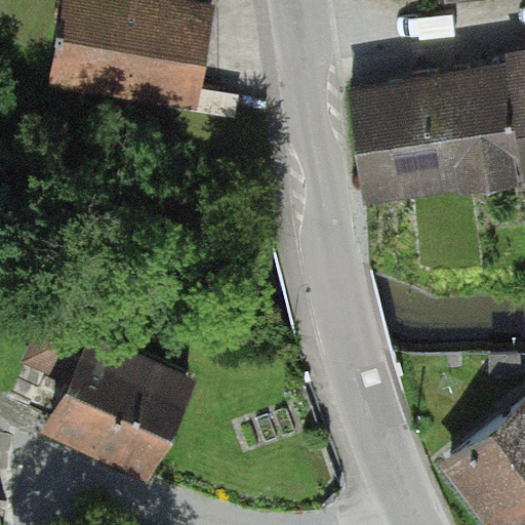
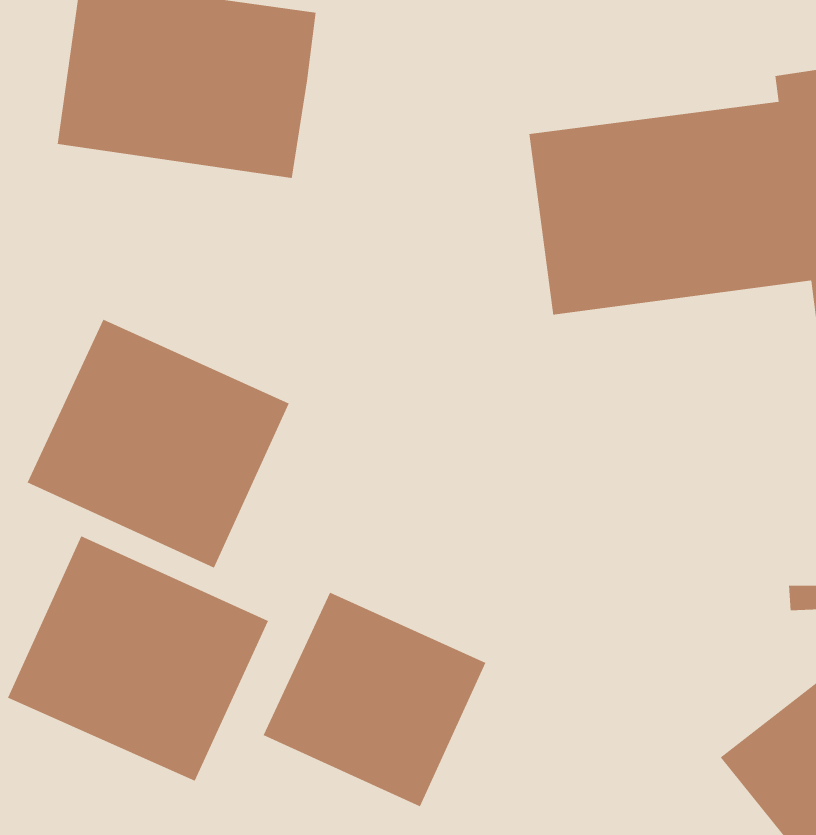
building: none -> [27,319,289,568]
building: none -> [263,592,486,807]

